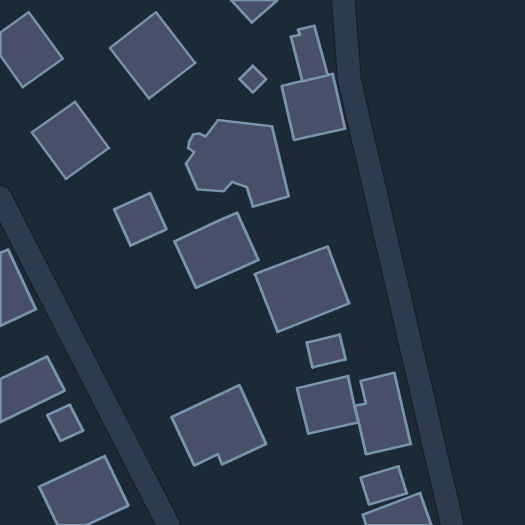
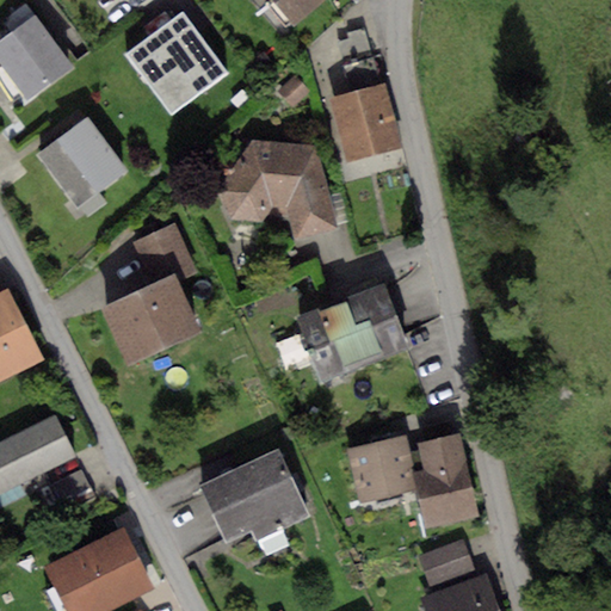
building: [174,213,259,288] -> [100,276,198,363]
building: [307,334,345,368] -> none

